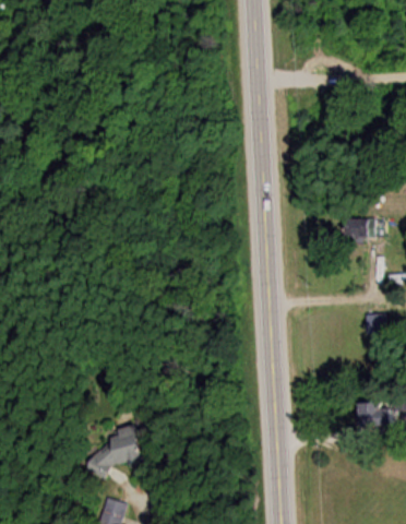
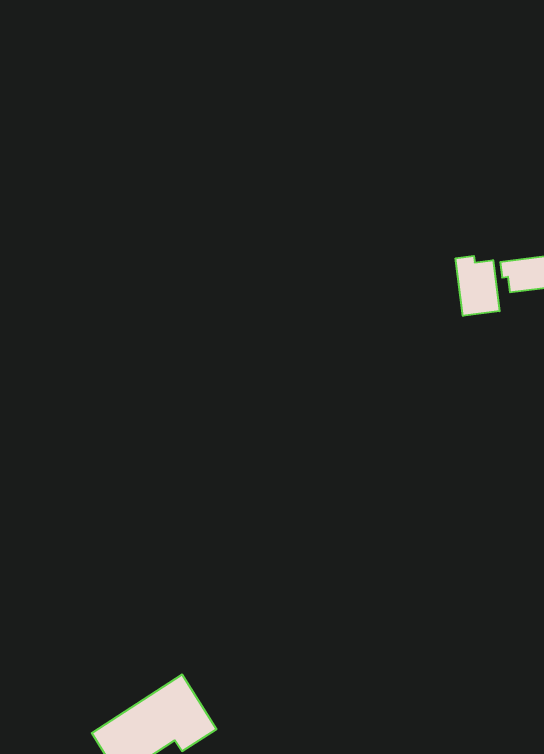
building: none -> [456,256,500,316]

